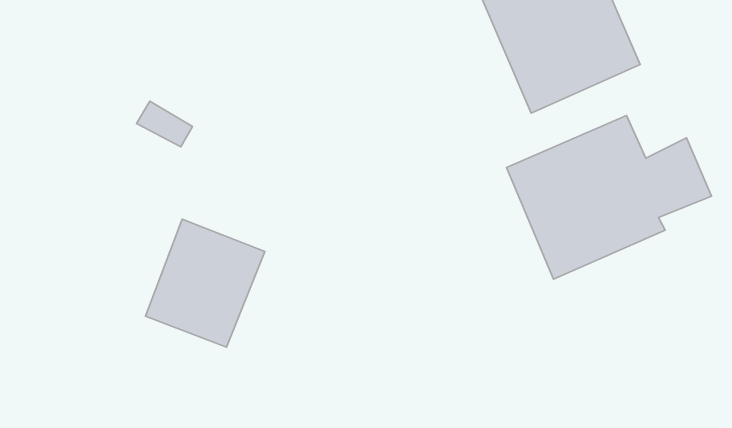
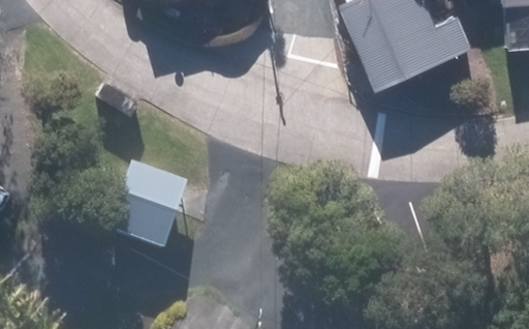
building: [506,115,712,279] -> none

